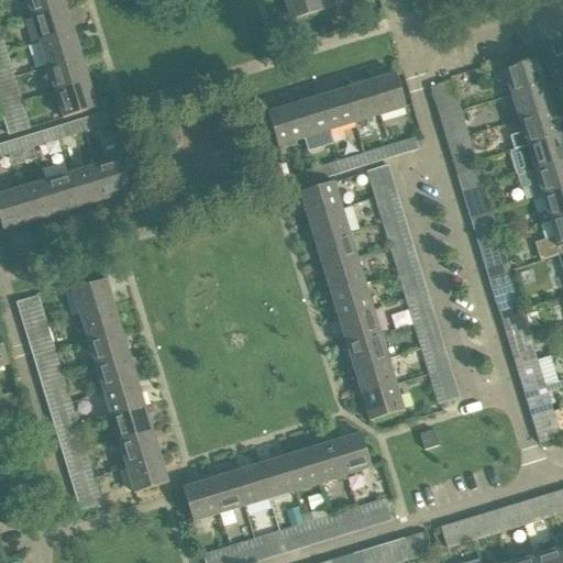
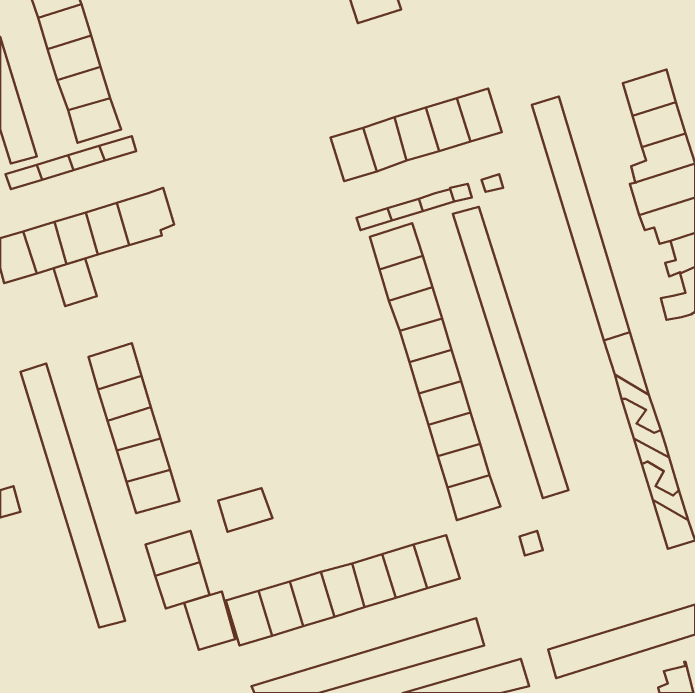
building: none -> [54,258,97,306]
building: [110,405,154,440] -> [218,488,273,532]
building: none -> [184,591,235,650]

